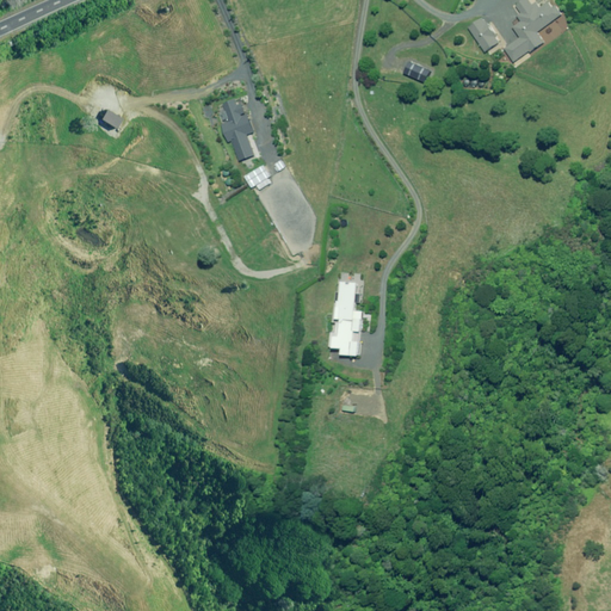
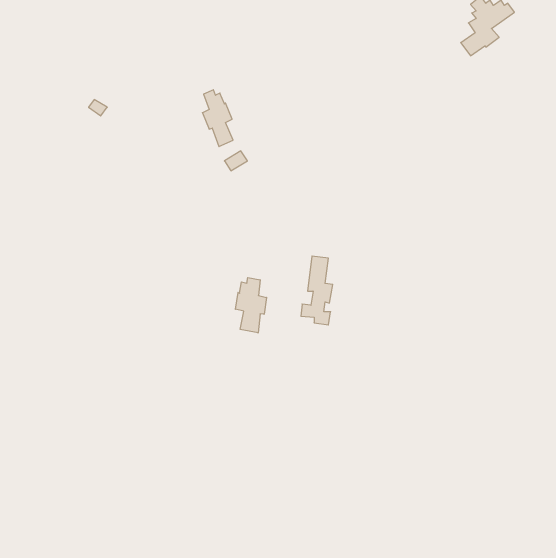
building: [467,17,499,50] -> none
building: none -> [235,278,267,333]

